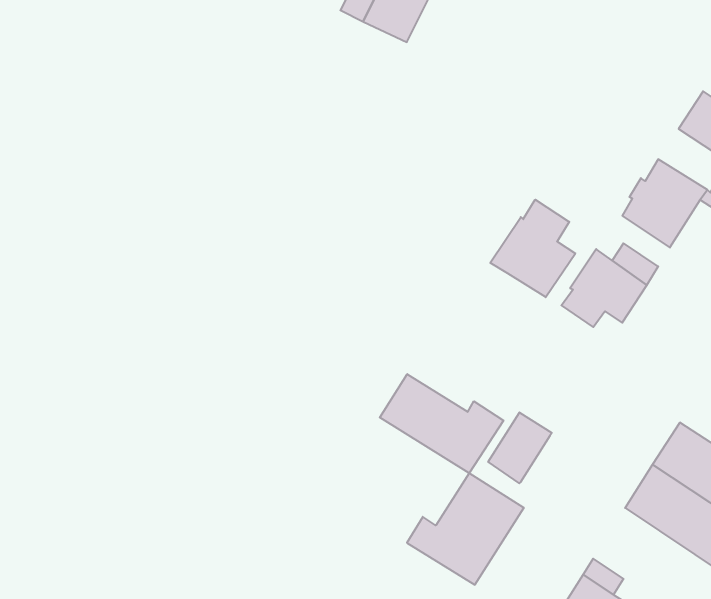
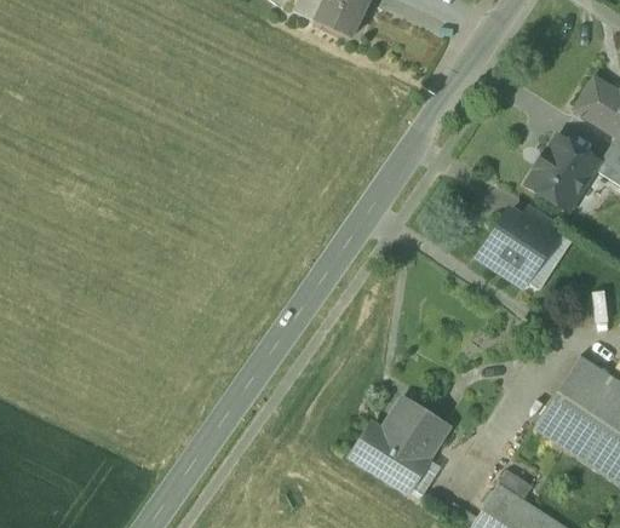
building: [490,200,575,297] -> none
building: [380,374,503,473] -> none
building: [488,412,552,483] -> none

